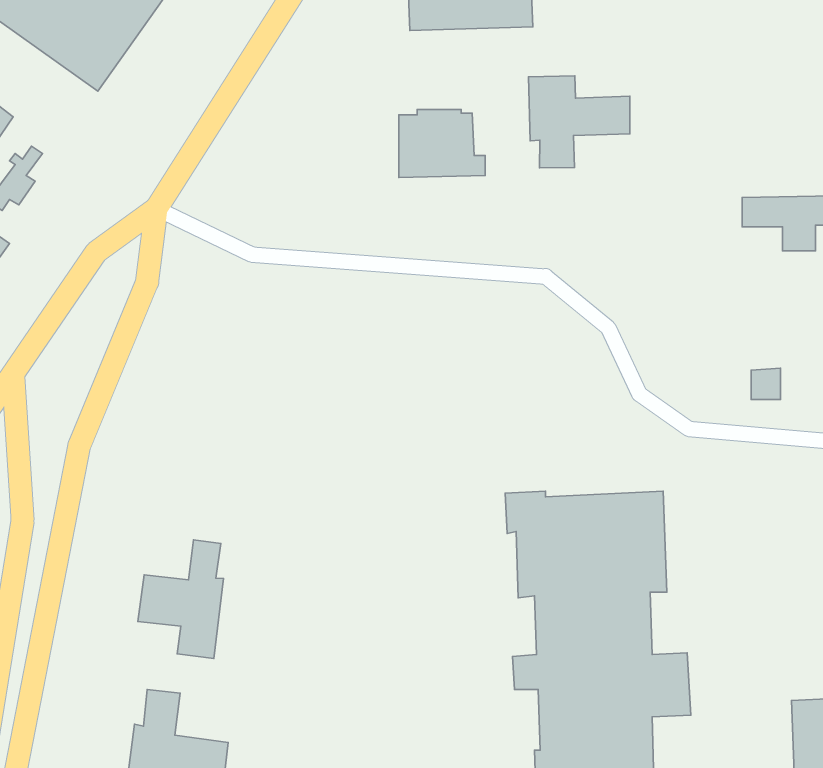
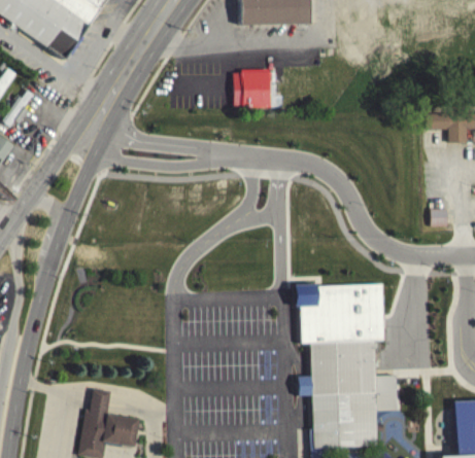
building: [528,76,630,168] -> none
building: [138,540,223,658] -> none

